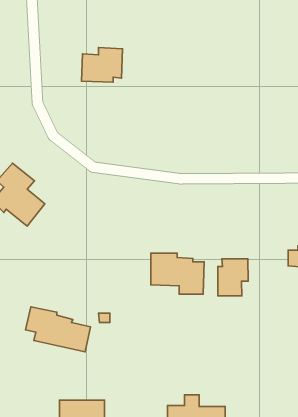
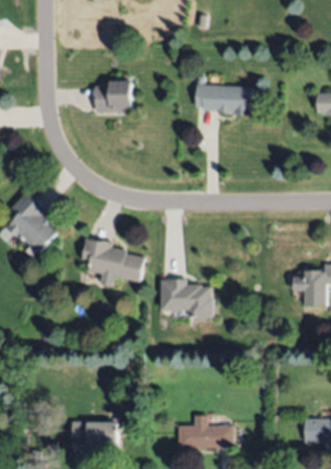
building: none -> [196,84,252,116]
building: [218,259,248,296] -> none
building: [25,307,91,352] -> [80,238,144,282]

